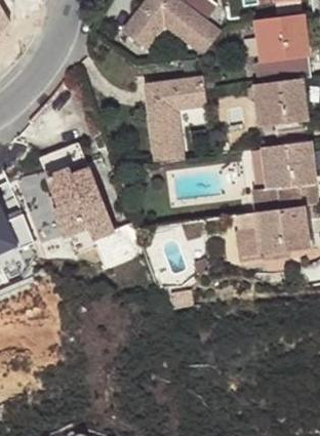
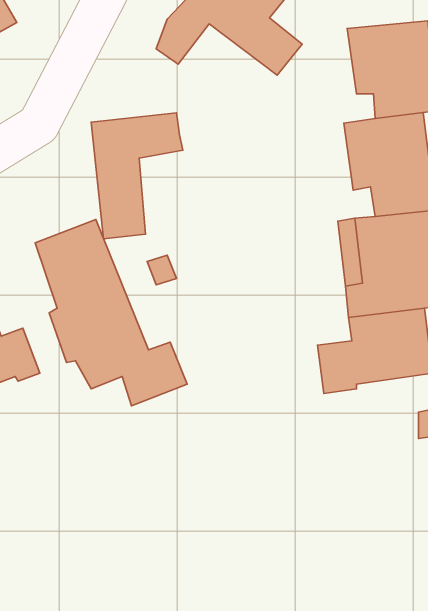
building: [142,76,202,159] -> [91,113,183,239]

